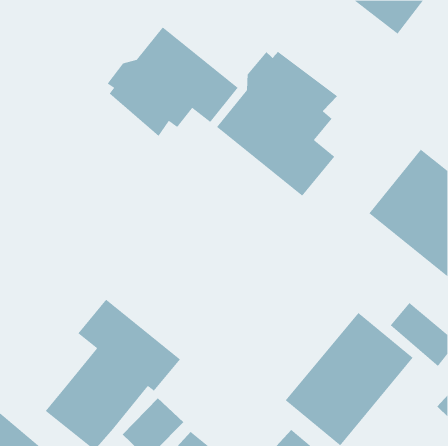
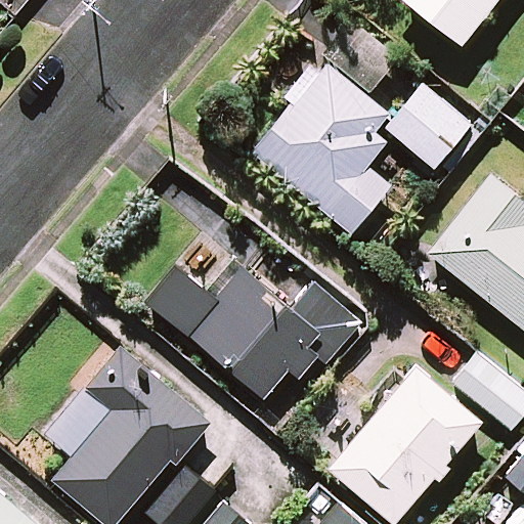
building: [107,26,238,137] -> none
building: none -> [387,87,470,169]
building: none -> [147,260,359,397]

